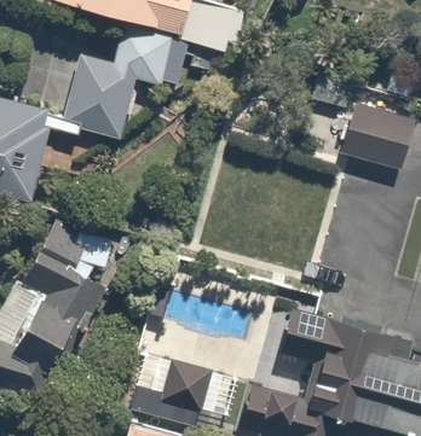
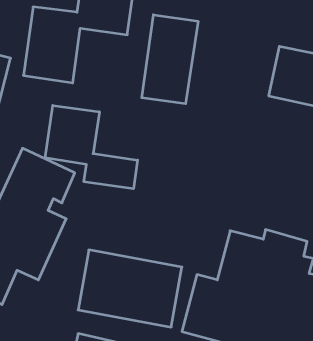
building: none -> [142,15,198,104]
building: none -> [45,105,138,189]

